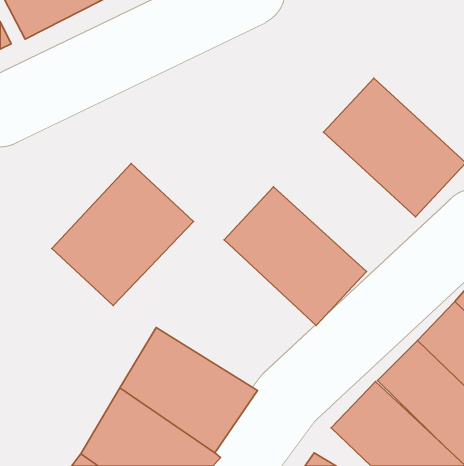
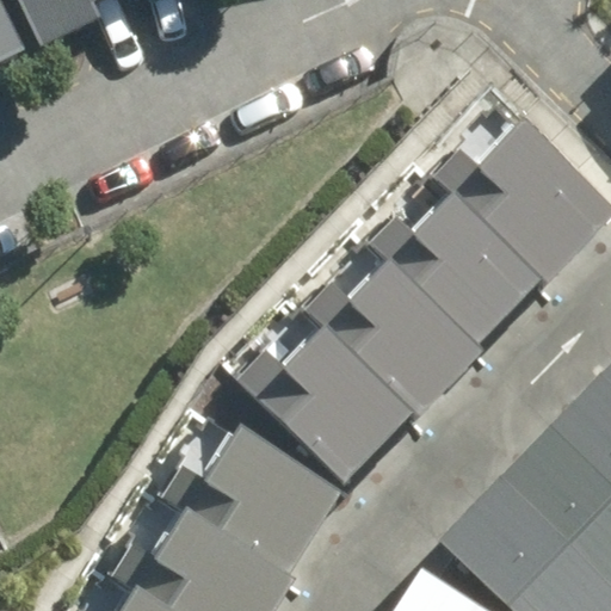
building: none -> [365,169,548,348]
building: [52,163,193,306] -> none
building: none -> [237,308,420,486]

